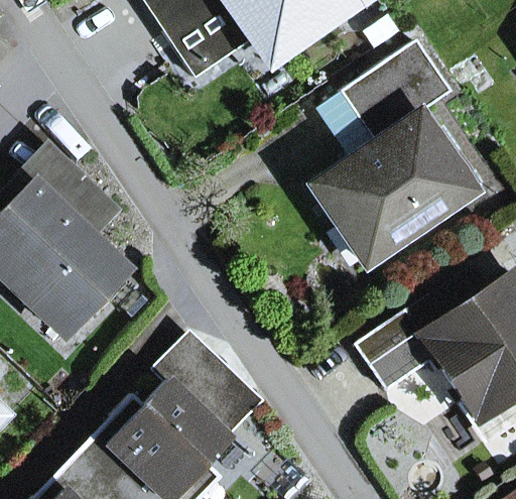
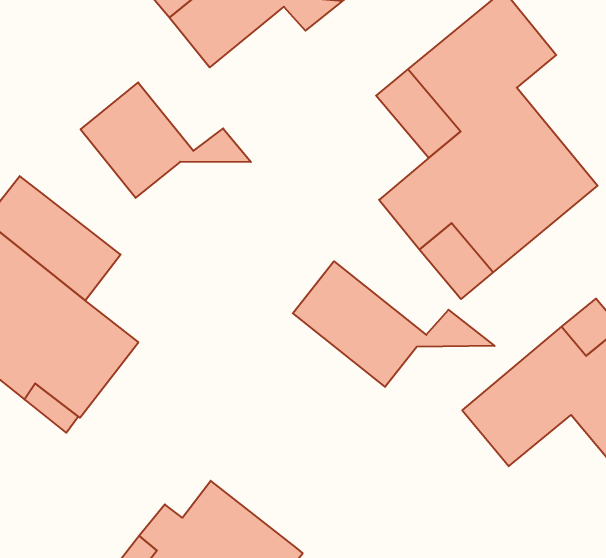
building: none -> [81,82,251,198]
building: none -> [293,261,495,387]
building: [158,335,262,438] -> none

